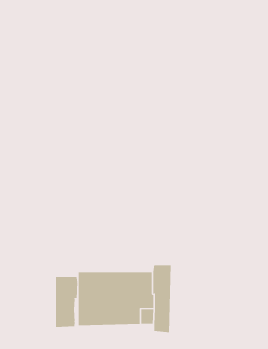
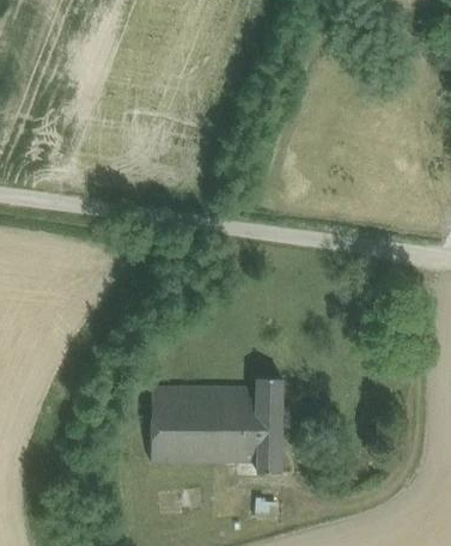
building: [55,276,78,328] -> none

